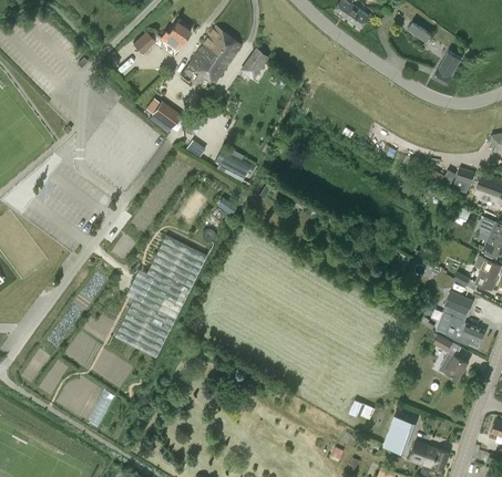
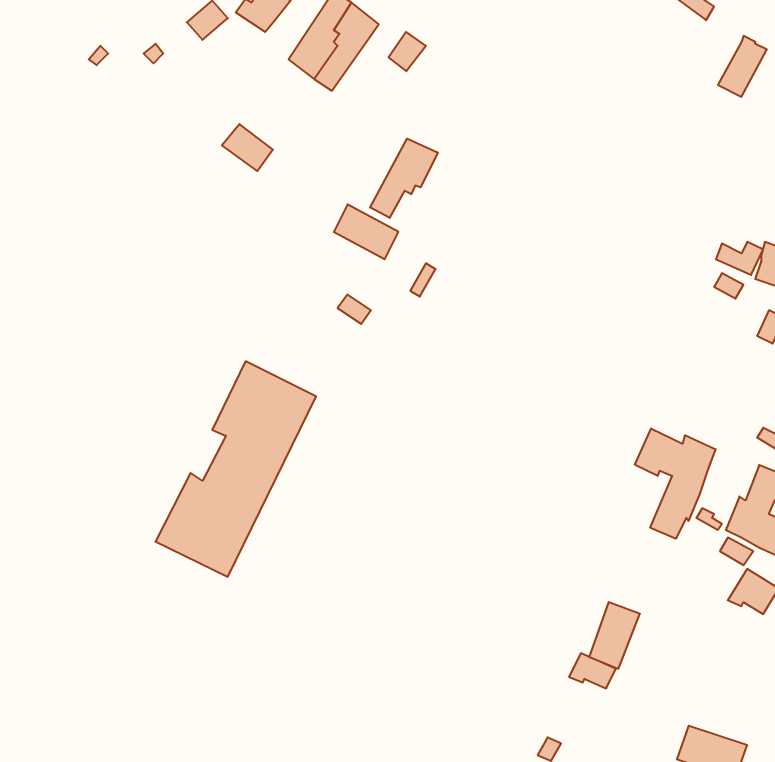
building: none -> [370,139,438,218]
building: none -> [635,428,716,539]
building: [383,415,412,453] -> [589,602,640,669]

